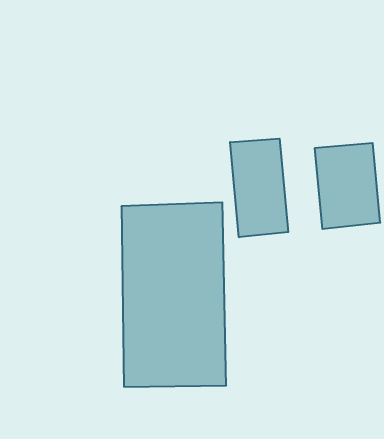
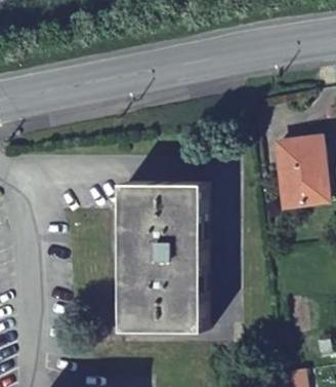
building: [230,139,288,237] -> none

